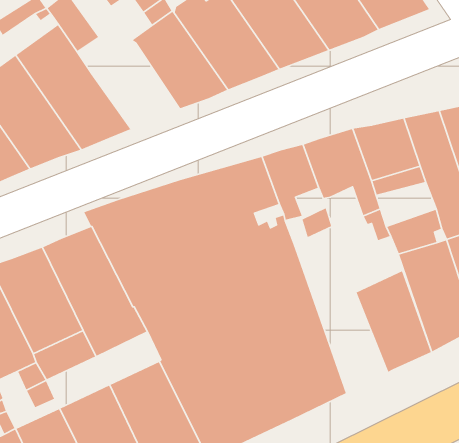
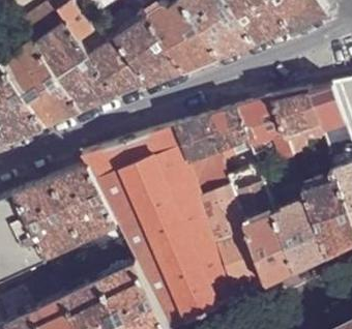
building: none -> [88,36,150,97]
building: none -> [236,180,297,283]

